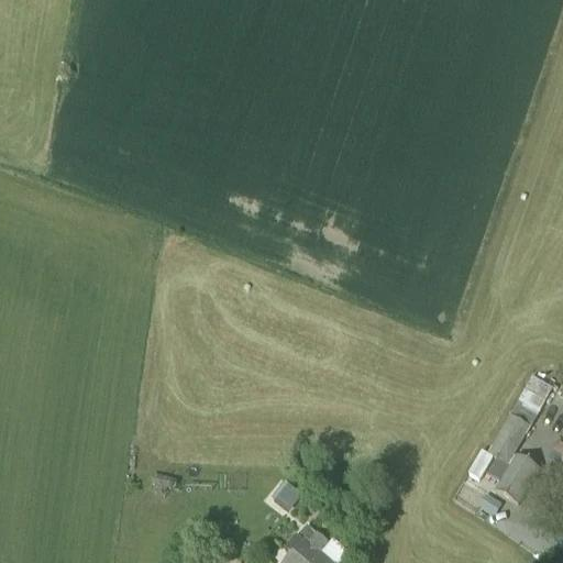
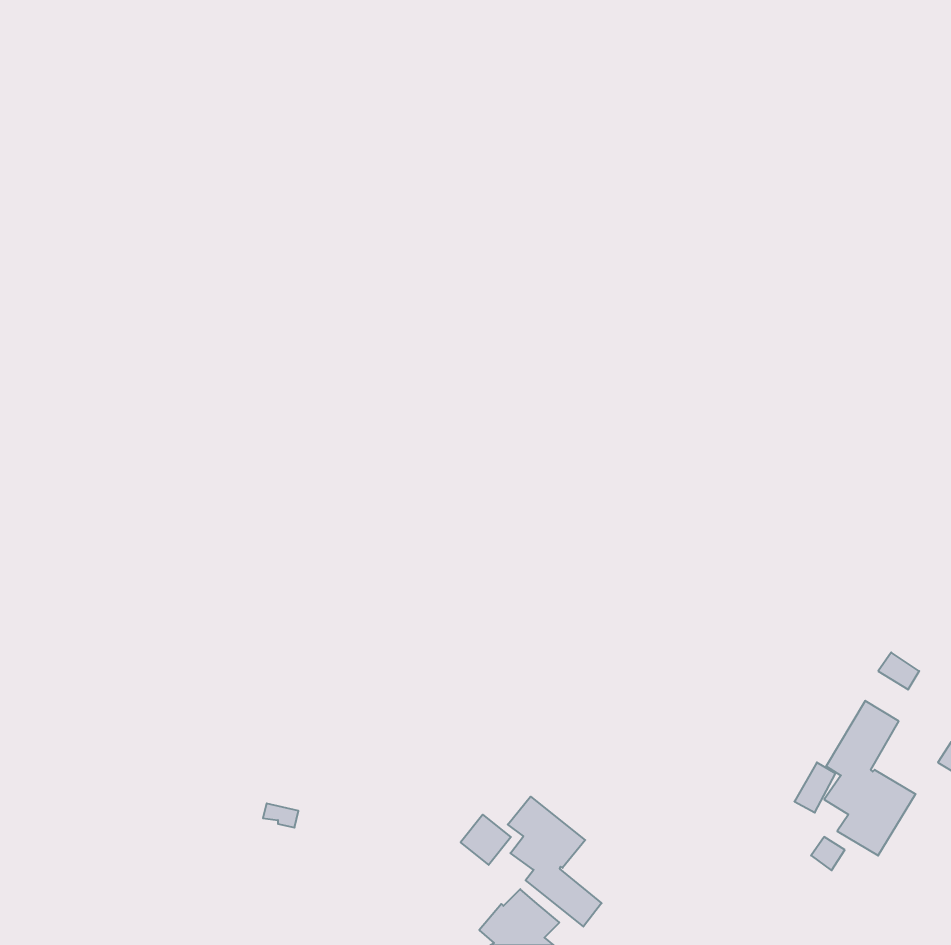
building: none -> [508,797,602,927]

